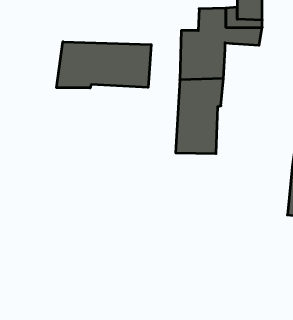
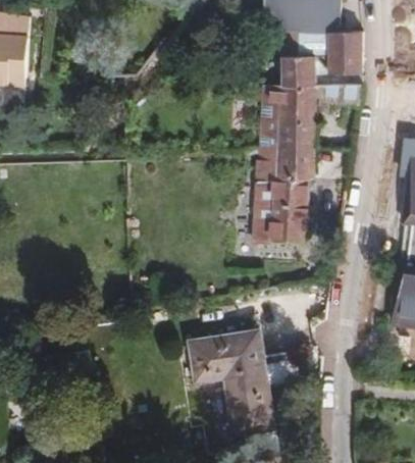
building: [57,42,151,88] -> none
building: none -> [189,330,272,431]

